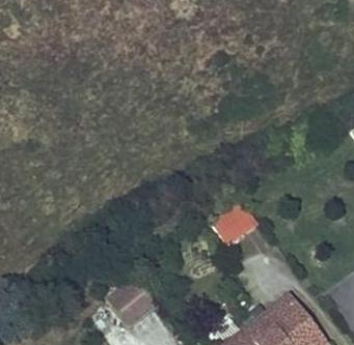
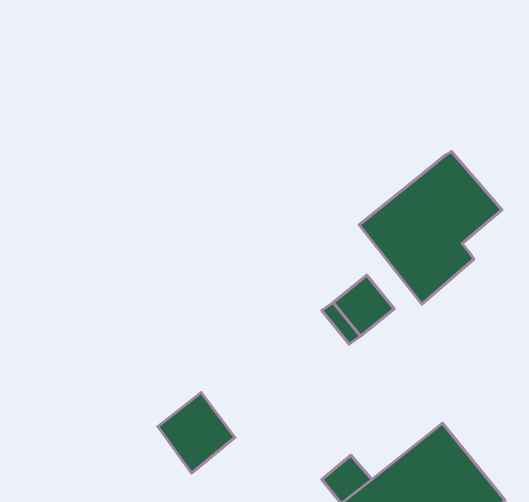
building: none -> [359,151,502,304]

